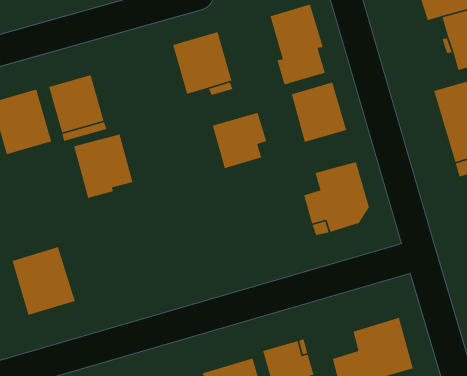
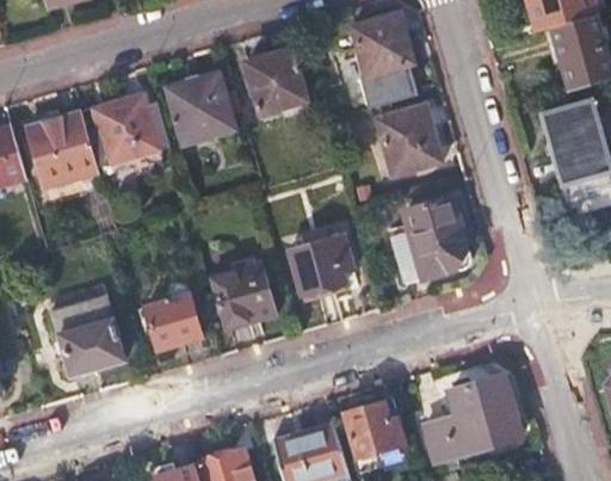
building: [212,112,267,169] -> [290,234,354,301]
building: [73,133,133,199] -> [165,70,235,147]
building: none -> [210,260,278,328]
building: none -> [146,289,203,347]

